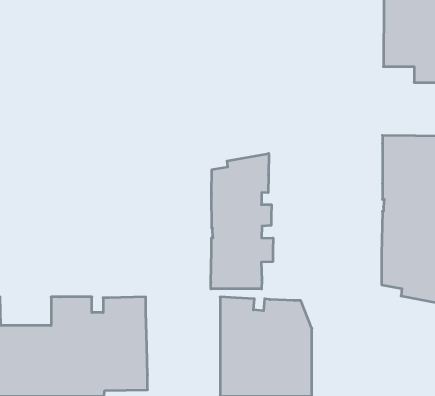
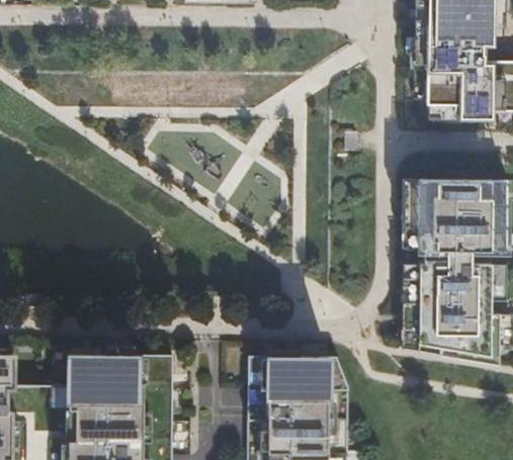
building: [211,153,273,289] -> none

